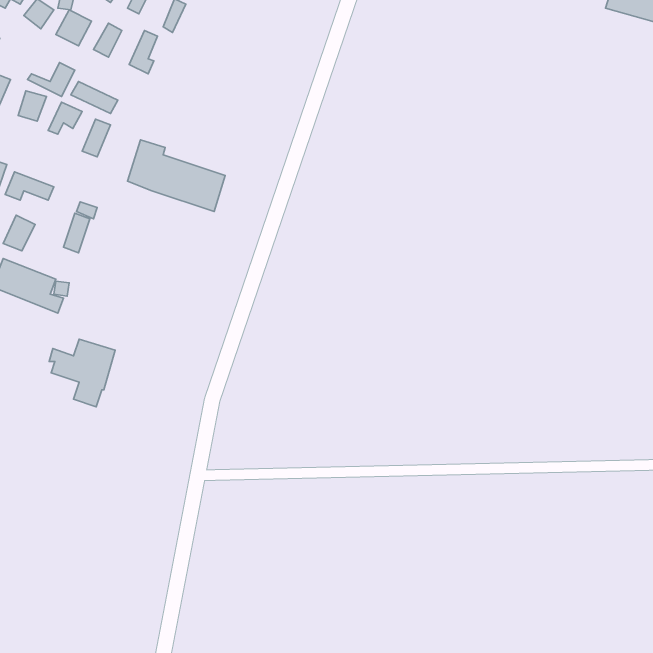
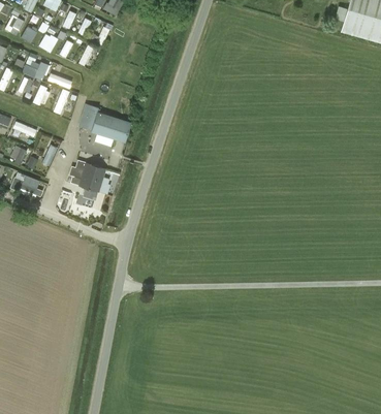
building: [49,339,115,407] -> [69,163,105,200]

